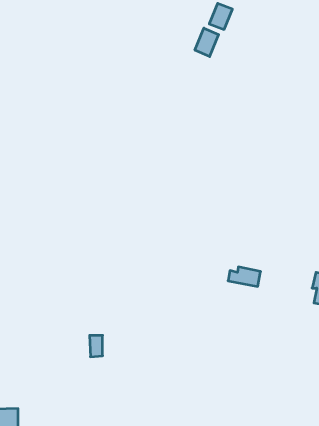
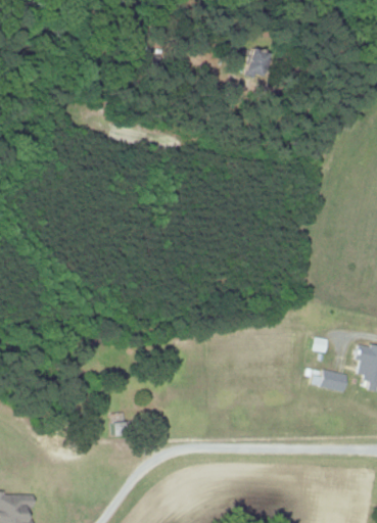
building: [195,28,219,57] -> none
building: [228,267,261,286] -> [313,371,348,392]

